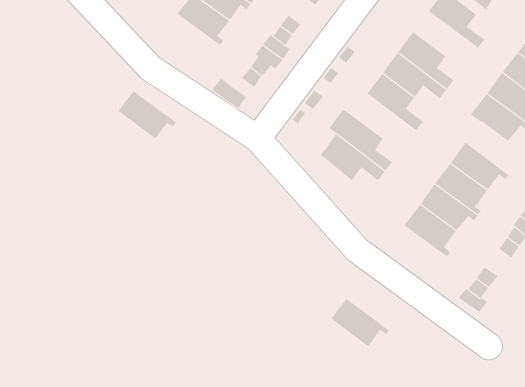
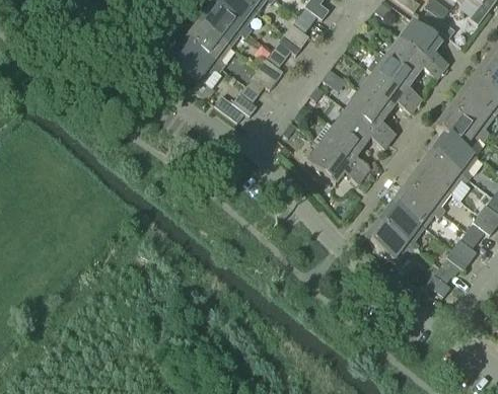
building: none -> [386,38,442,78]
building: [118,90,177,139] -> [171,41,222,82]
building: none -> [334,108,389,148]
building: none -> [431,133,477,178]
building: [331,298,390,347] -> [365,221,416,262]

